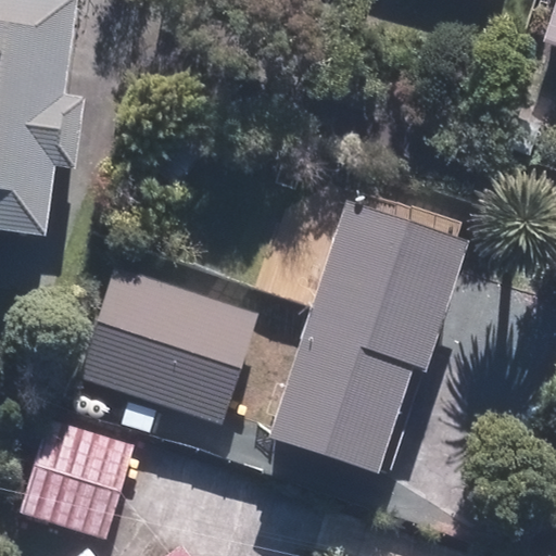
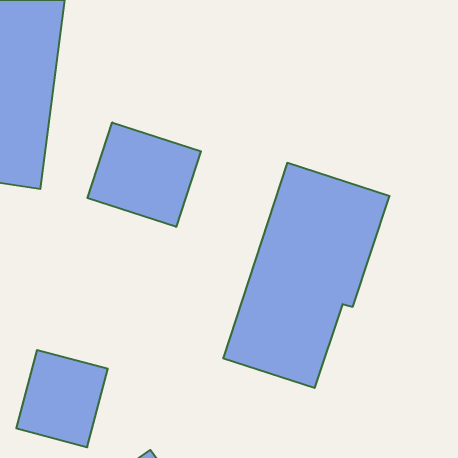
building: none -> [87,122,201,227]
building: [77,267,257,421] -> none

